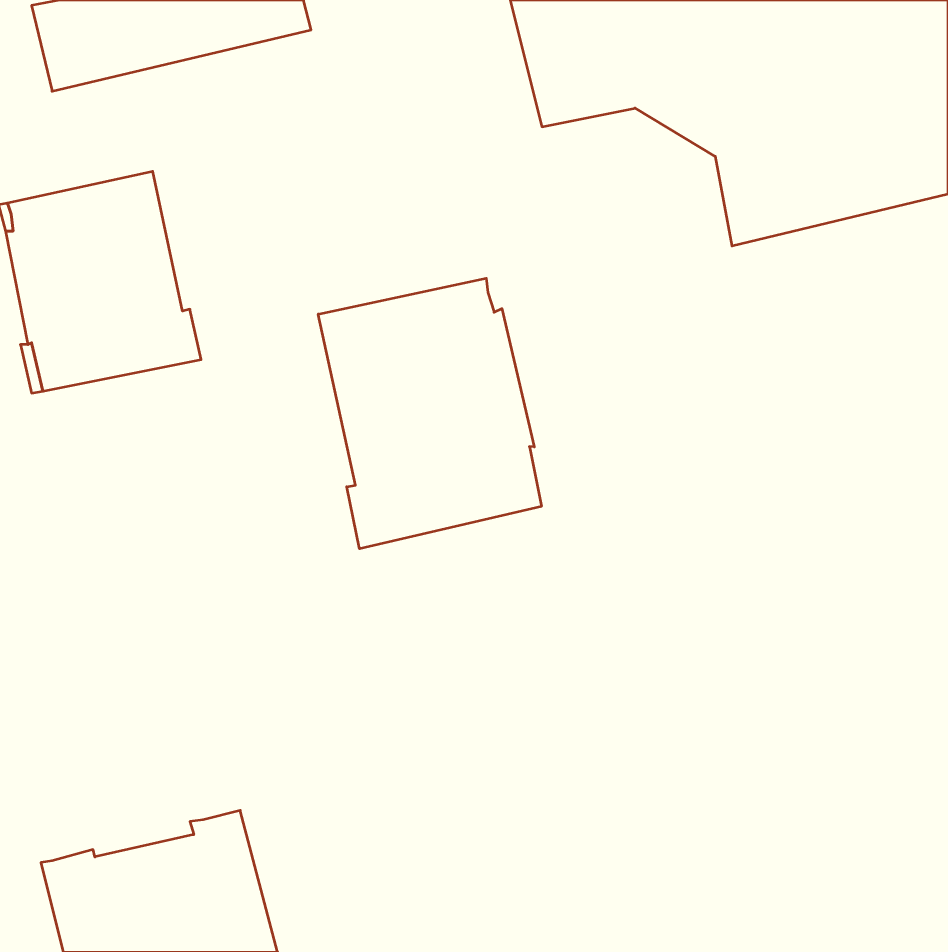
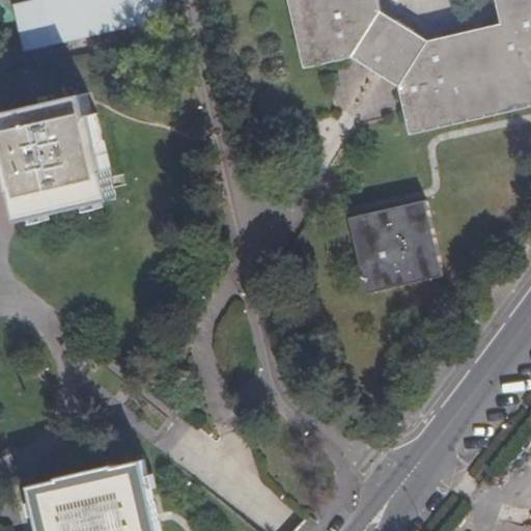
building: [318,278,541,549] -> none
building: none -> [348,199,441,292]

